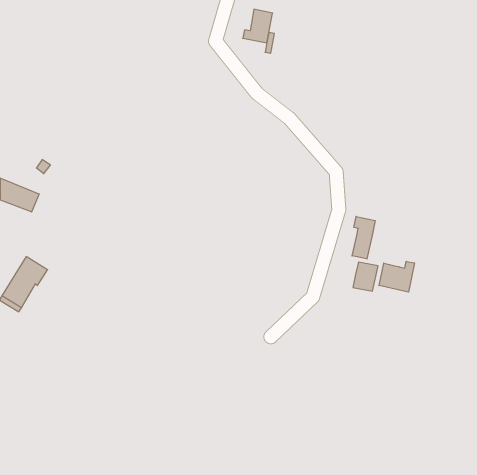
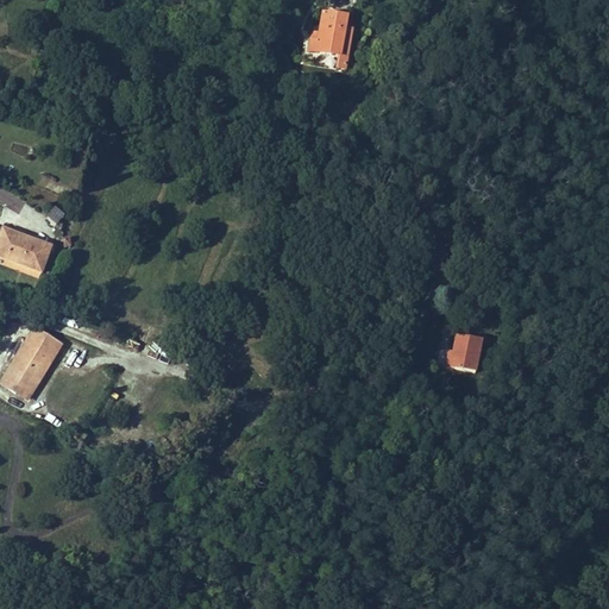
building: [352,216,375,259] -> none
building: [379,261,415,292] -> none

